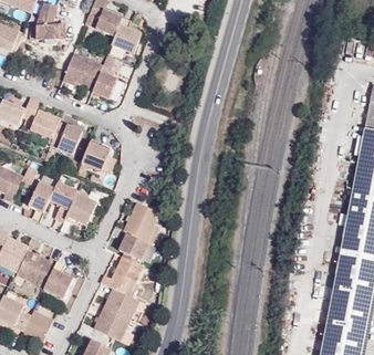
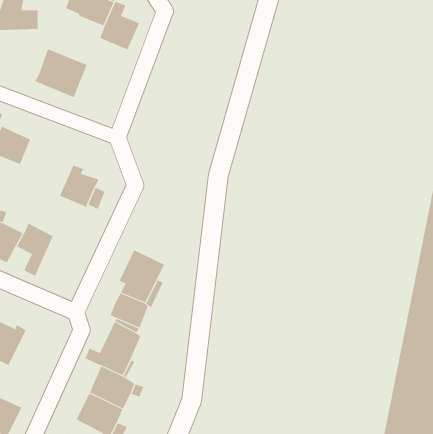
building: [92,55,122,98] -> none
building: [50,122,83,154] -> none
building: [65,190,97,226] -> none
building: [44,261,74,297] -> none

